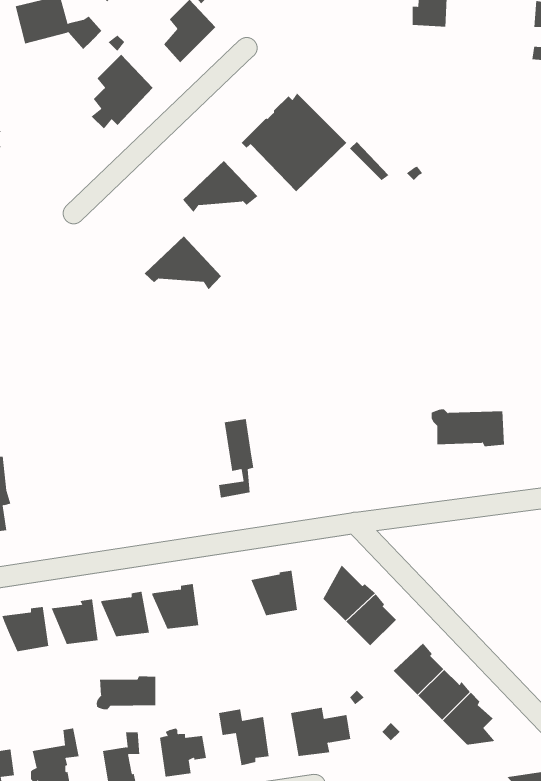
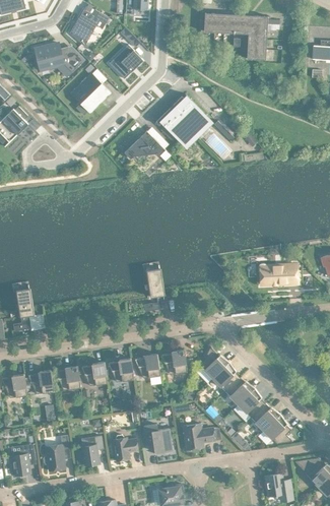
building: [144,236,222,290] -> none
building: none -> [134,353,159,377]
building: none -> [224,376,253,403]
building: [96,675,156,710] -> none

